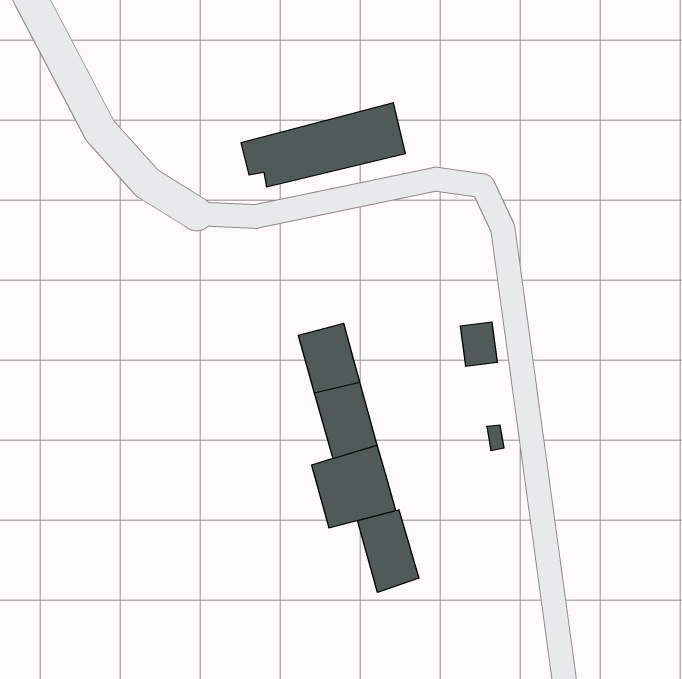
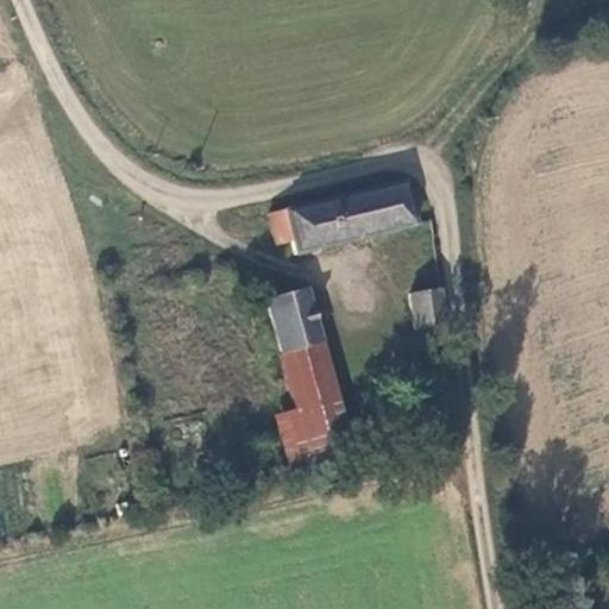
building: [241,103,405,187] -> [271,177,417,252]
building: [357,510,419,592] -> none

